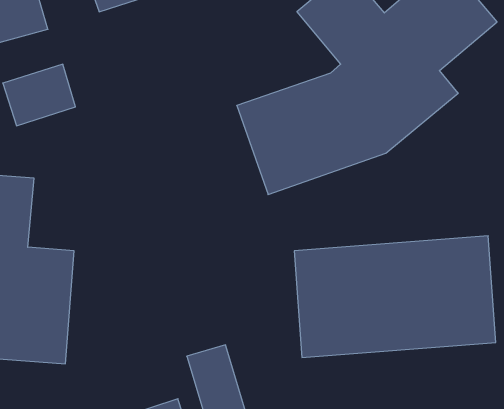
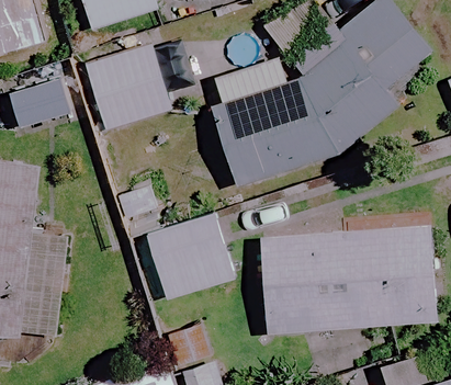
building: none -> [83,42,171,129]
building: none -> [144,211,236,299]

